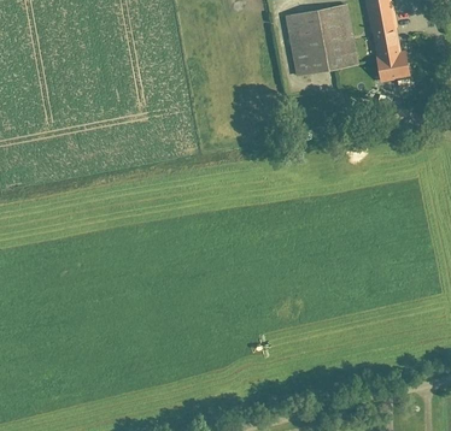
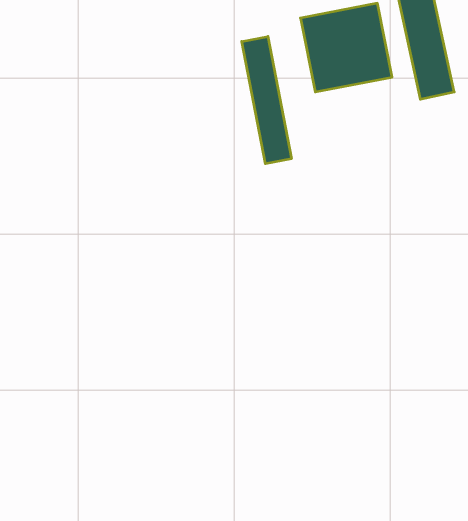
building: none -> [242,36,291,164]

